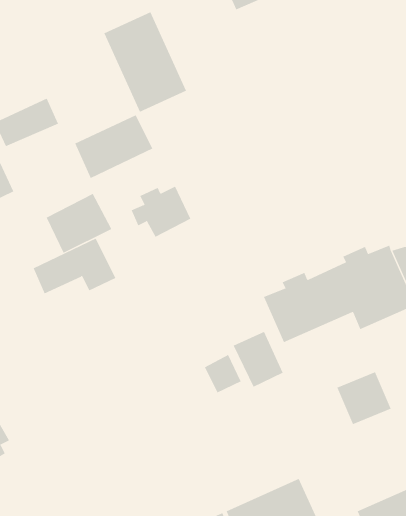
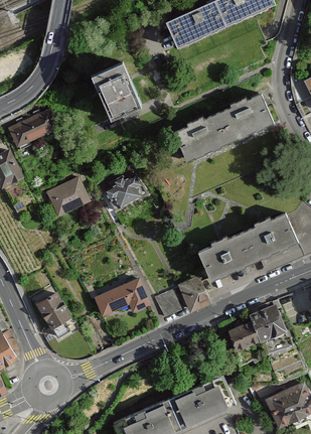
building: none -> [171,91,274,163]
building: [74,114,153,179] -> none
building: [33,238,116,294] -> [94,276,152,315]
building: none -> [35,292,70,329]
building: none -> [228,321,260,350]

